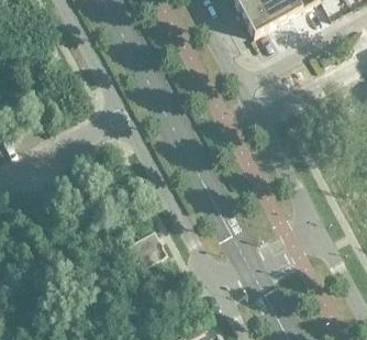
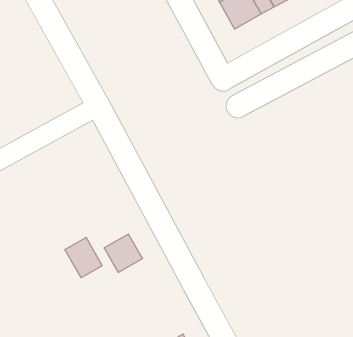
building: none -> [65,237,102,278]

